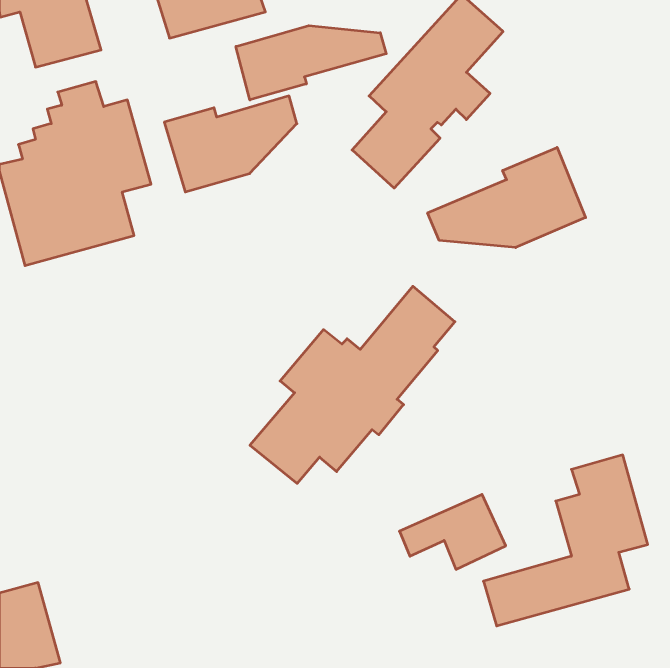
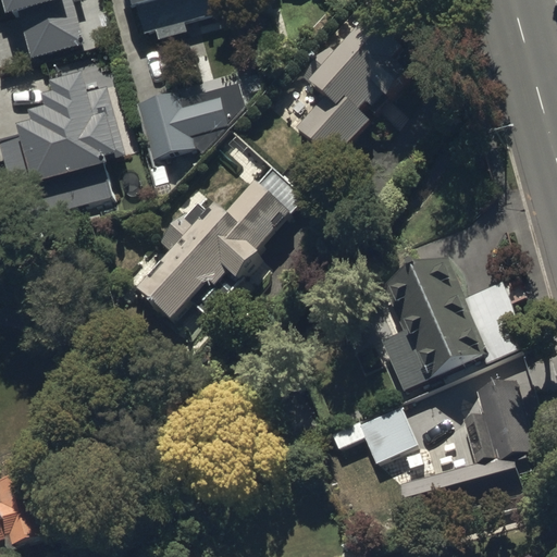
building: [236,26,386,100] -> none
building: [428,147,586,248] -> none
building: [250,286,455,483] -> [137,159,307,322]
building: none -> [381,264,534,398]

